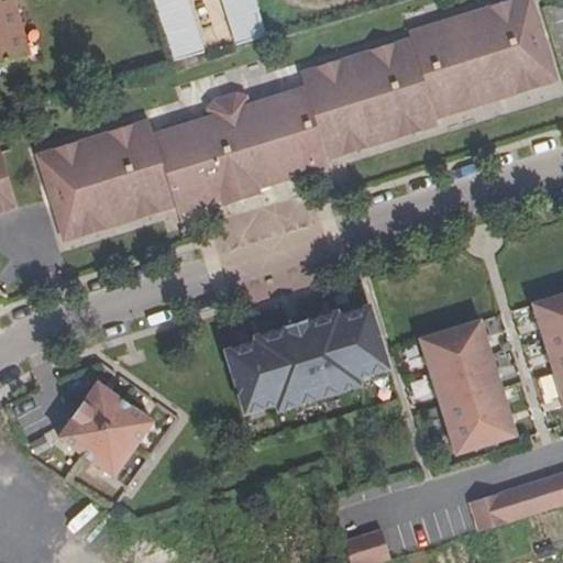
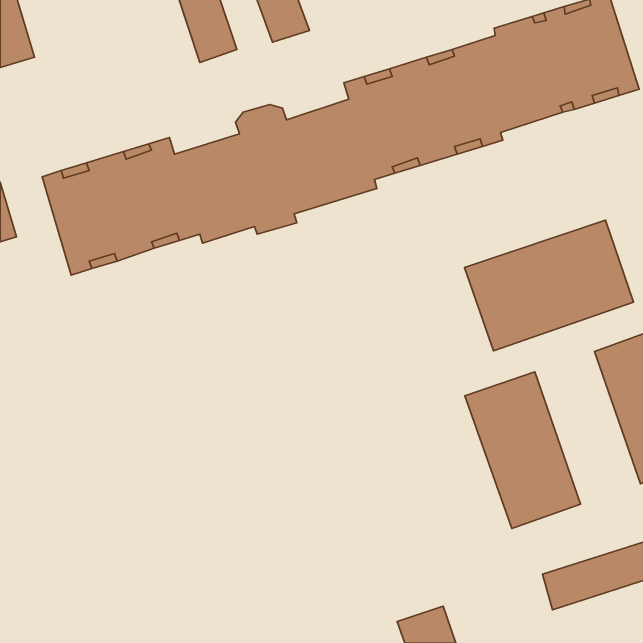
building: none -> [465,220,634,351]
building: [214,311,378,423] -> none
building: [64,378,157,473] -> none

